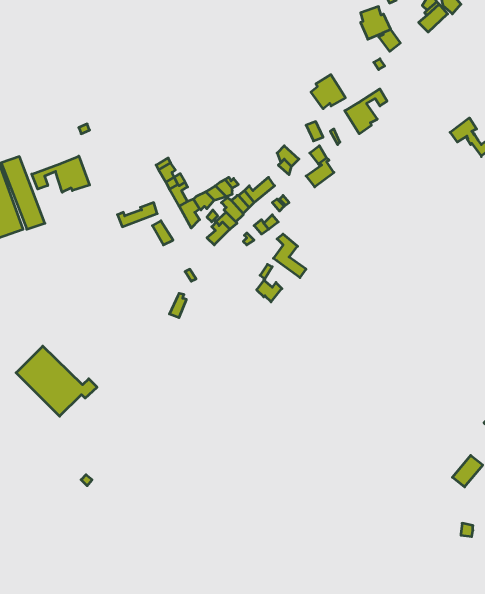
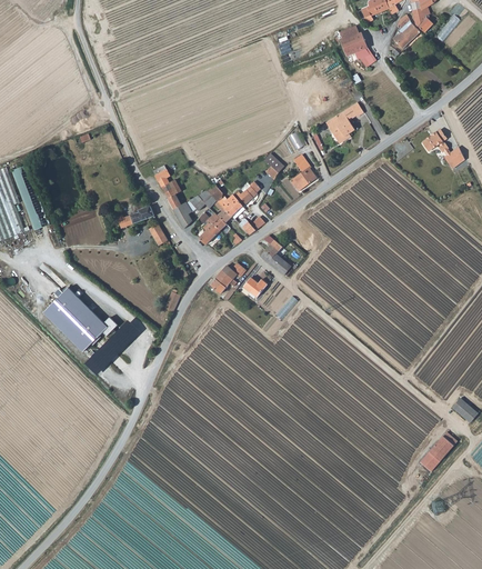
building: [311,75,345,109] -> none
building: [32,156,90,192] -> none
building: none -> [210,262,245,293]
building: [16,346,97,416] -> [43,289,118,353]

